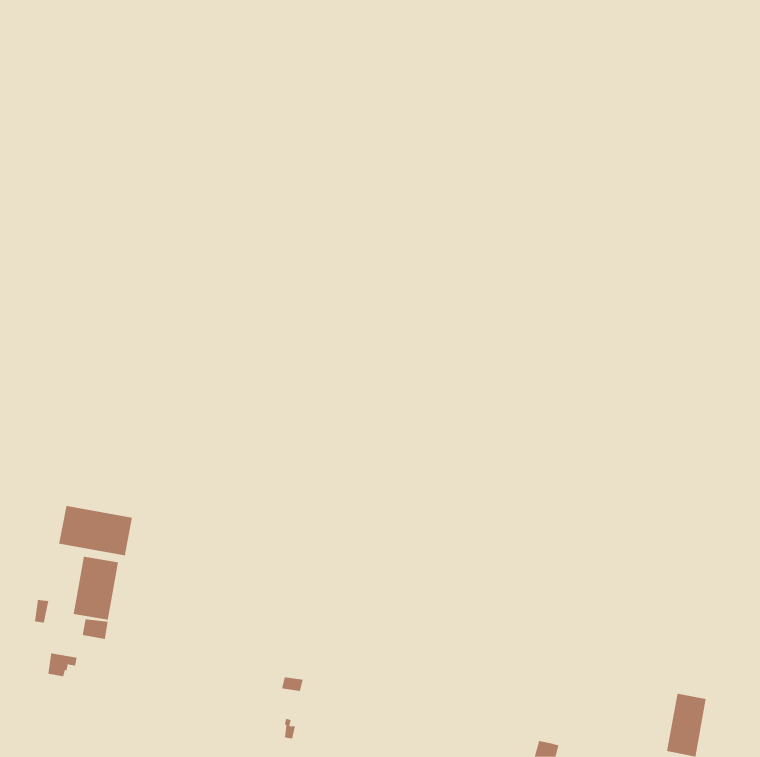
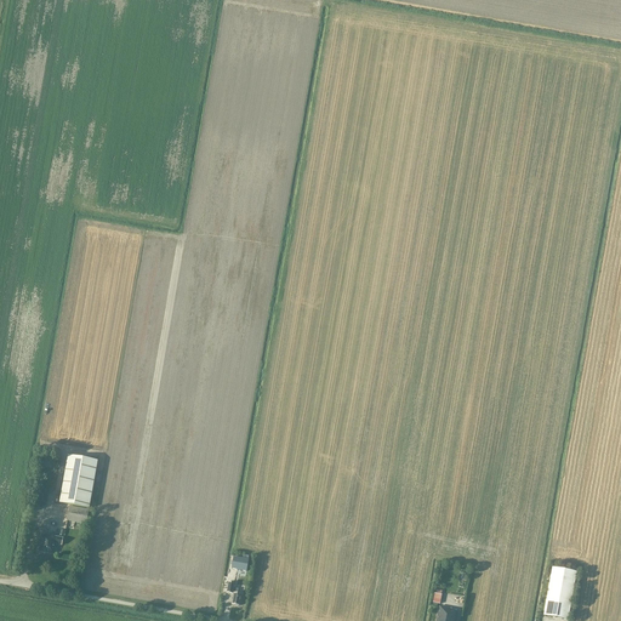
building: [59,505,133,556] -> none

